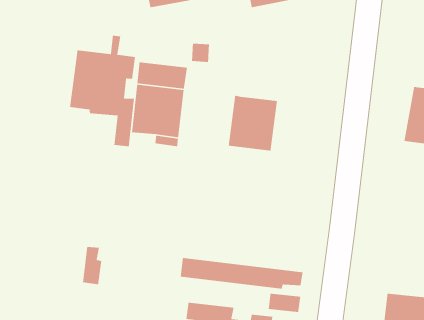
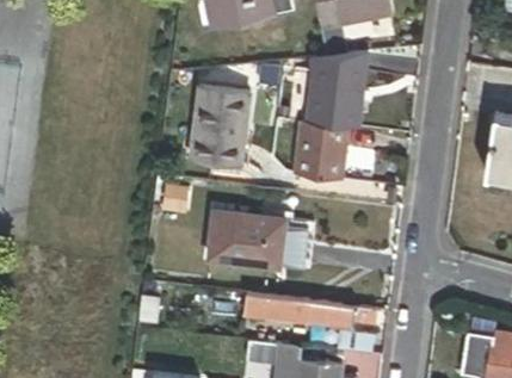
building: none -> [309,50,364,128]
building: [69,35,136,147] -> none
building: none -> [208,212,286,268]

